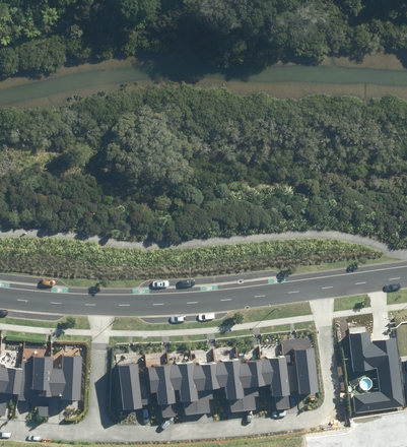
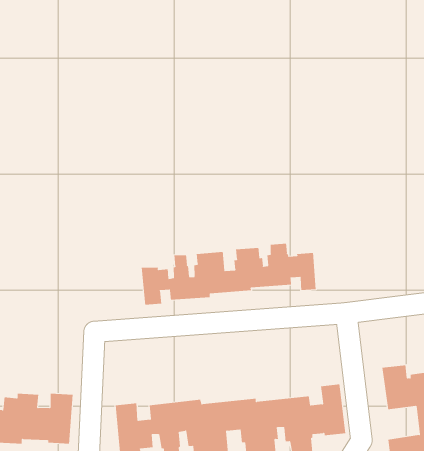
building: none -> [141,243,316,305]

